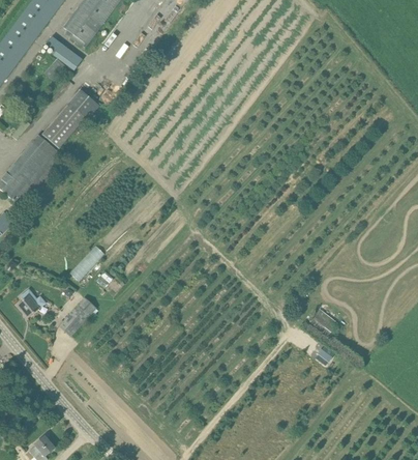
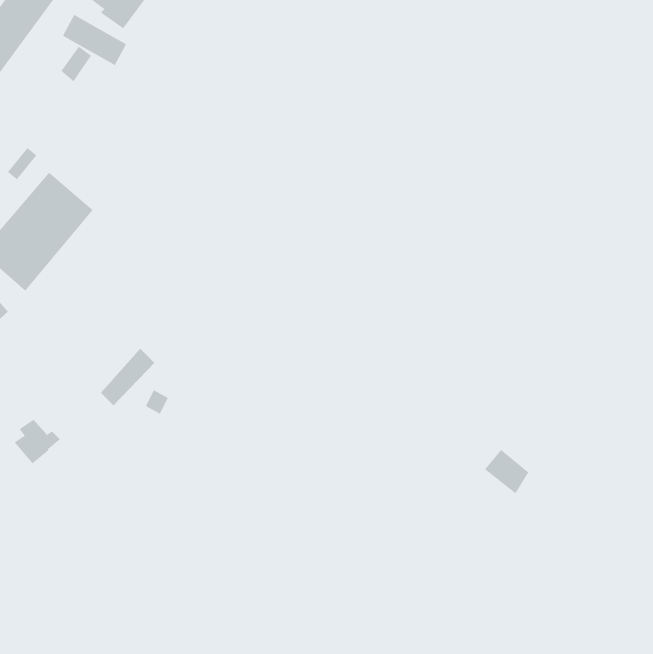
building: [42,88,100,148] -> none
building: [58,296,98,336] -> none

